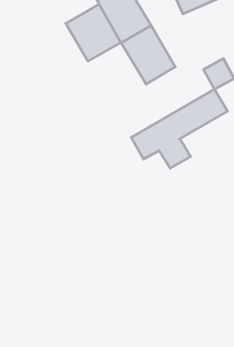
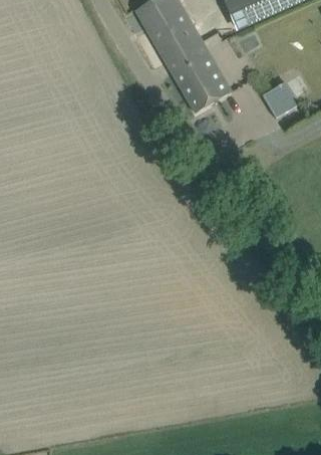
building: [66,4,121,61] -> none
building: [131,89,227,168] -> none

